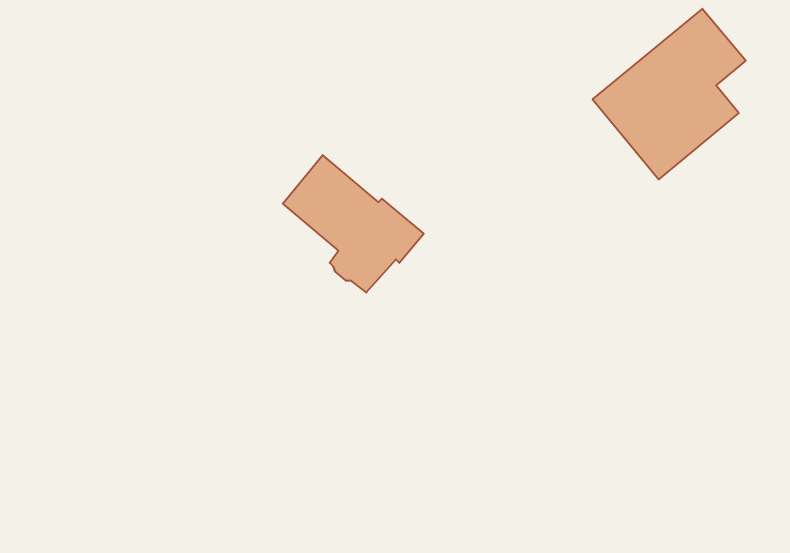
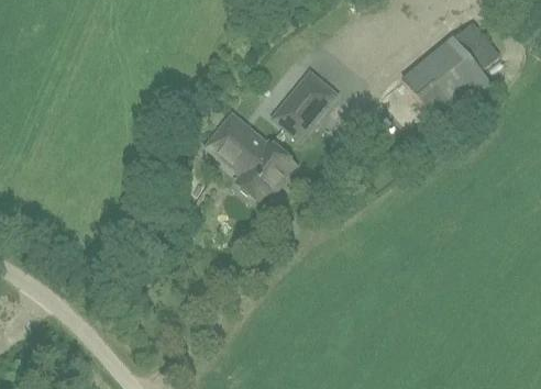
building: none -> [274,73,335,136]

